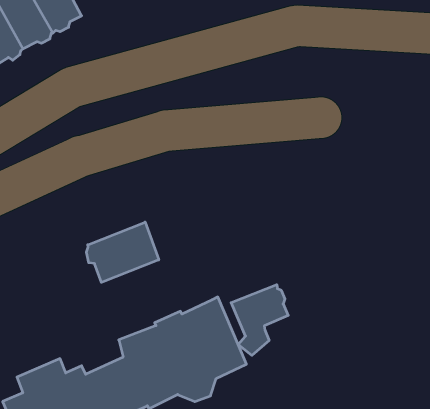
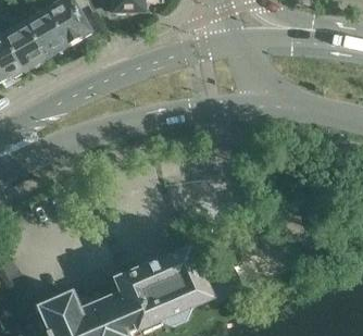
building: [86,222,159,282] -> none
building: [231,285,288,355] -> none

